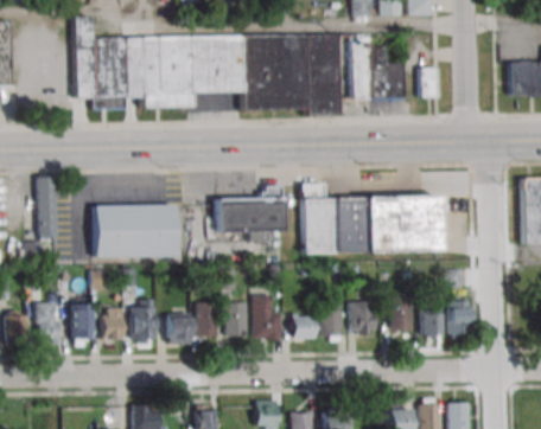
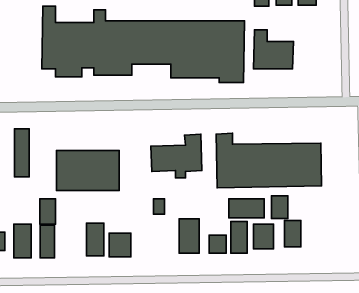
building: [419,68,435,97] -> none
building: none -> [229,199,264,218]
building: [448,299,470,338] -> none
building: [196,301,216,335] -> none
building: [225,301,247,337] -> none
building: [102,307,122,340] -> [40,199,55,224]
building: [421,309,443,339] -> [271,196,288,218]

